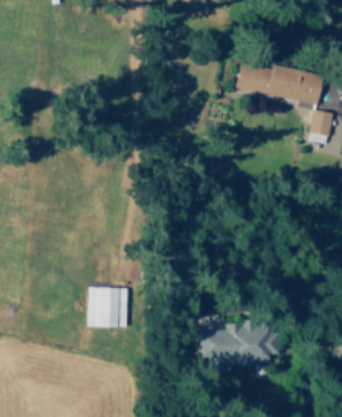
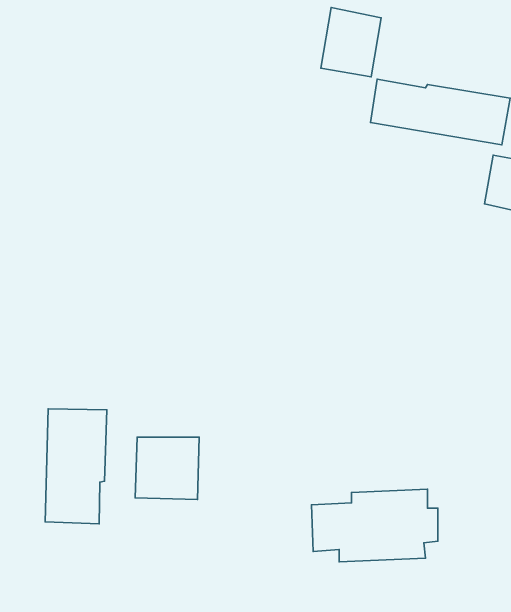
building: none -> [321,7,381,77]
building: none -> [45,409,107,524]

